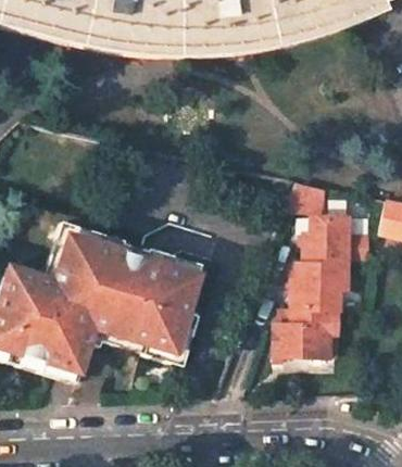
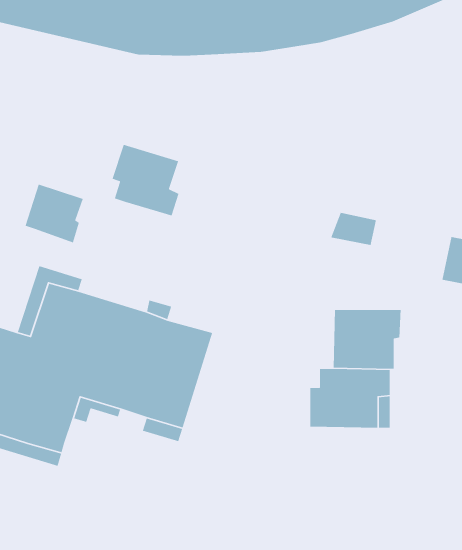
building: none -> [112,144,180,217]
building: none -> [24,184,84,243]
building: [307,211,375,256] -> none

